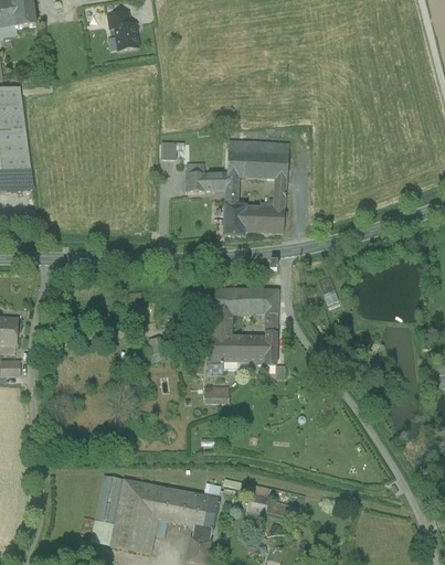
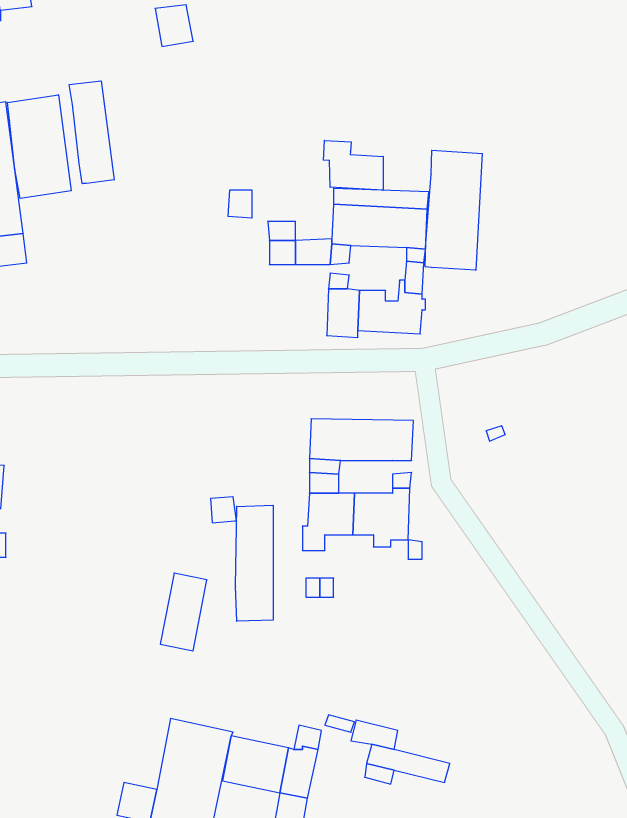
building: none -> [69,81,114,184]
building: none -> [8,95,71,198]
building: none -> [323,140,383,190]
building: none -> [425,150,482,270]
building: none -> [236,505,273,621]
building: [94,473,124,523] -> [160,573,207,651]

